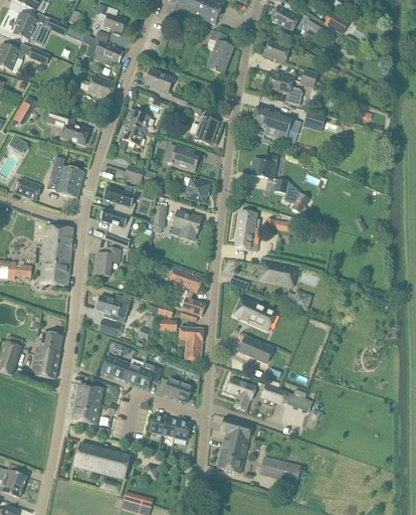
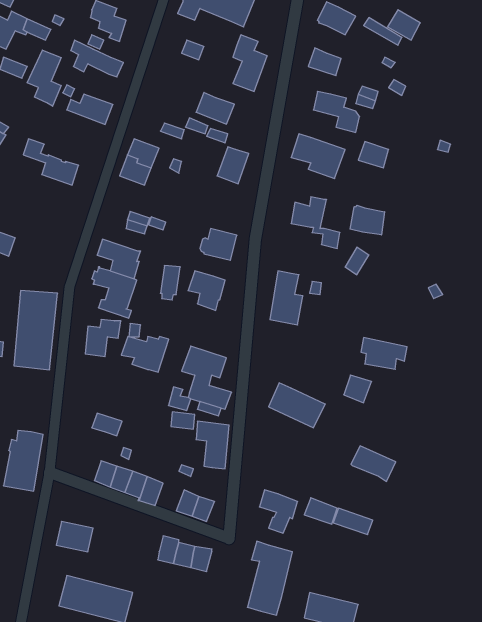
building: none -> [27,50,61,106]
building: [145,68,174,93] -> [196,92,234,124]
building: [171,145,198,171] -> none
building: none -> [350,205,385,235]
building: [56,165,84,197] -> none
building: [262,260,297,284] -> [361,338,407,369]
building: [95,295,132,322] -> [121,337,169,372]
building: [238,336,272,363] -> [351,446,396,481]
building: [76,383,105,406] -> none

